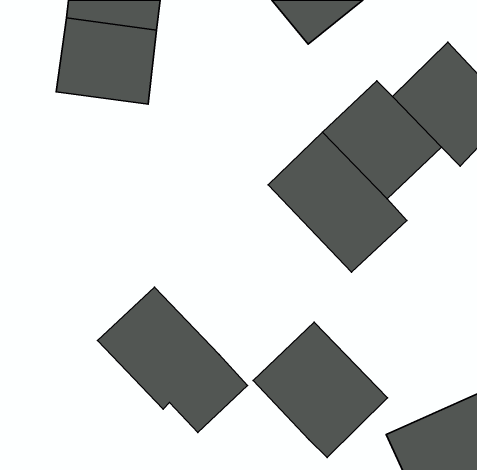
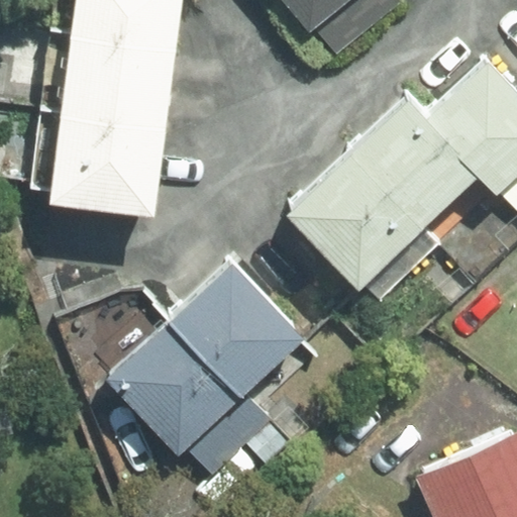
building: none -> [51,109,162,205]
building: none -> [169,261,300,392]
building: [253,322,387,457] -> none

